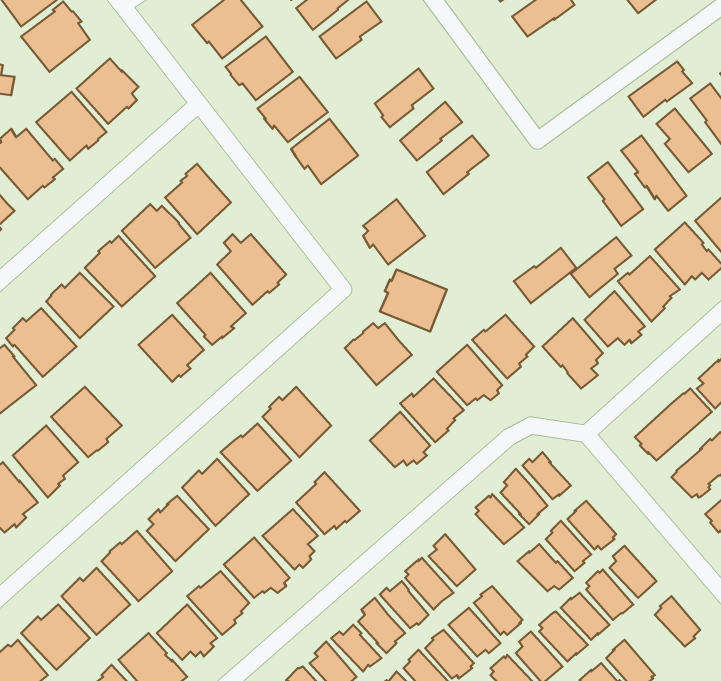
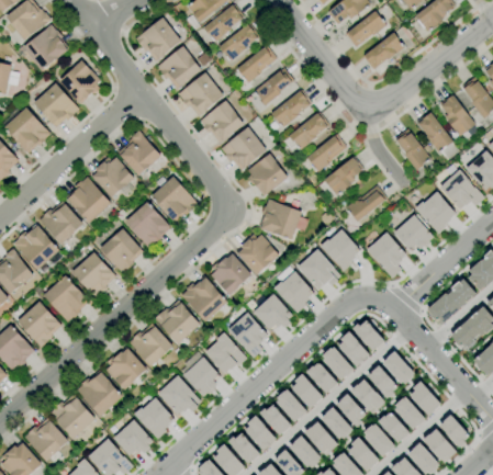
building: none -> [238,46,278,83]
building: [628,61,692,117] -> [363,34,405,70]
building: none -> [222,127,268,171]
building: none -> [307,135,347,172]
building: [571,237,631,297] -> [325,157,365,196]
building: none -> [72,252,116,298]
building: none -> [212,252,253,296]
building: none -> [226,312,267,358]
building: none -> [305,362,337,393]
building: none -> [336,394,366,427]
building: none -> [423,429,456,461]

